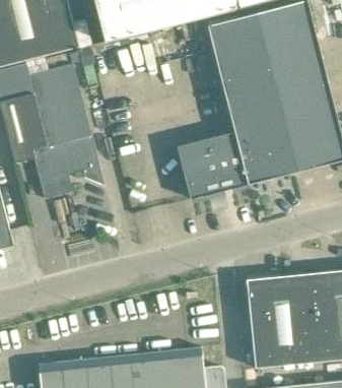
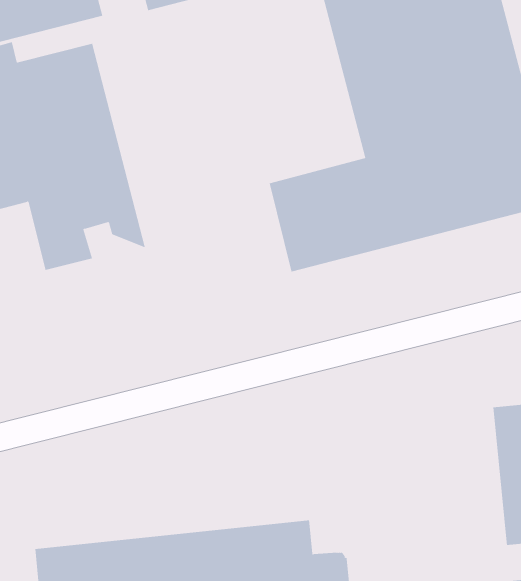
building: [247,276,319,368] -> none

